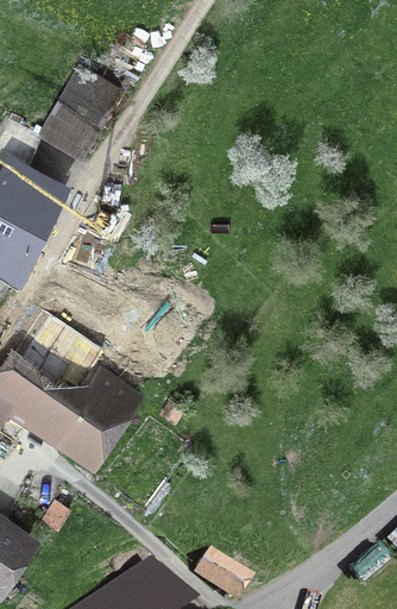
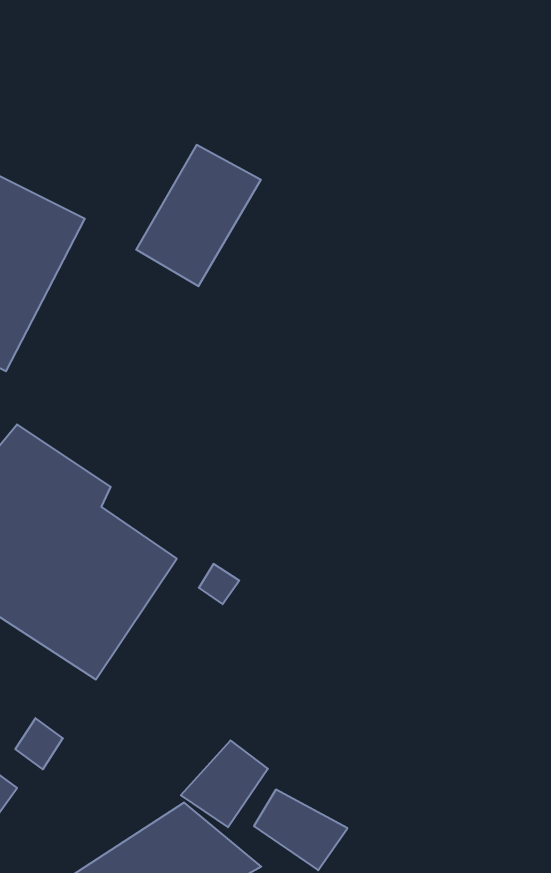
building: [39,65,120,157] -> [136,145,261,286]
building: none -> [181,740,268,827]

